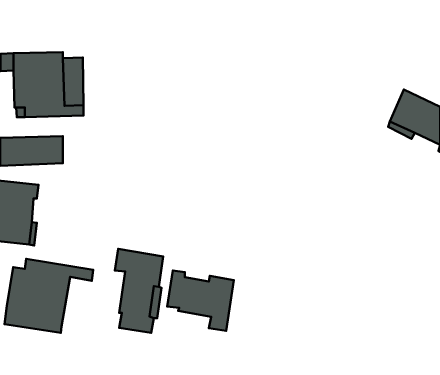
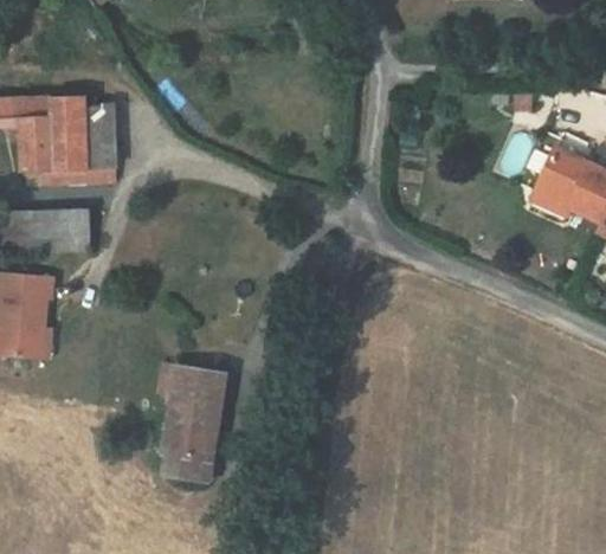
building: [4,259,93,333] -> none
building: [167,270,234,331] -> none

